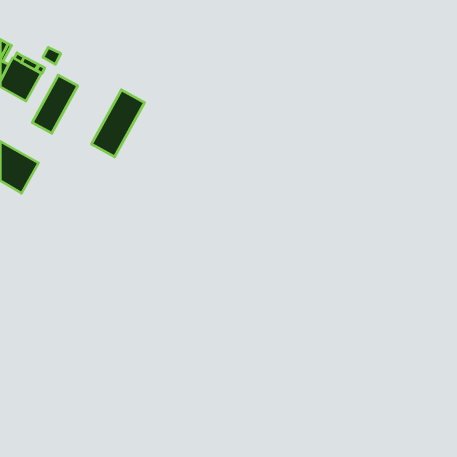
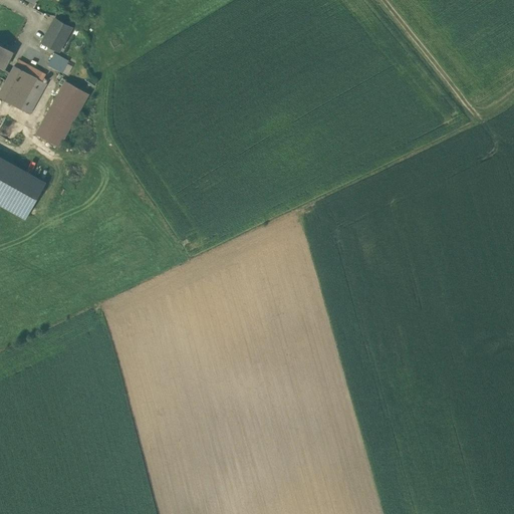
building: none -> [42,18,71,50]
building: [92,90,144,157] -> none

